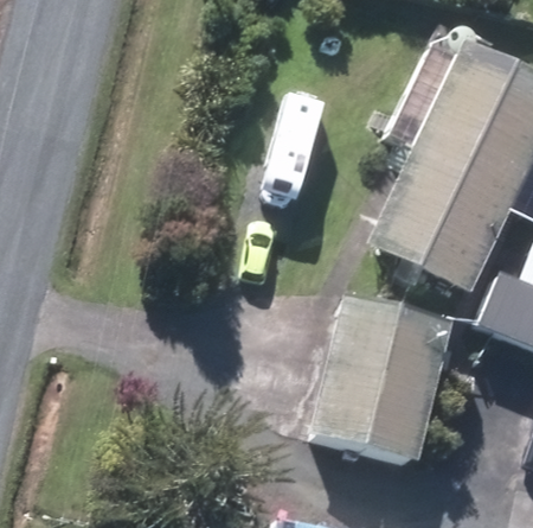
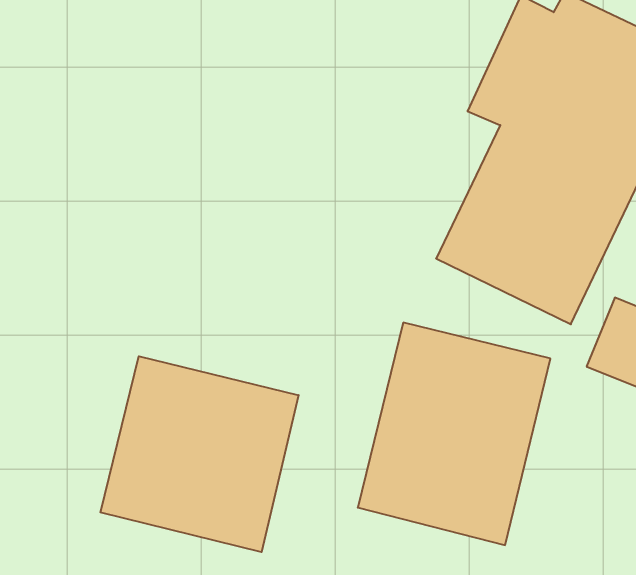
building: none -> [100,356,299,552]

